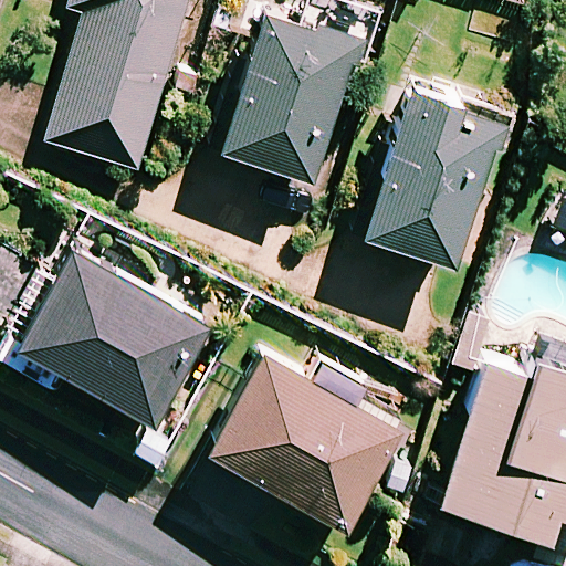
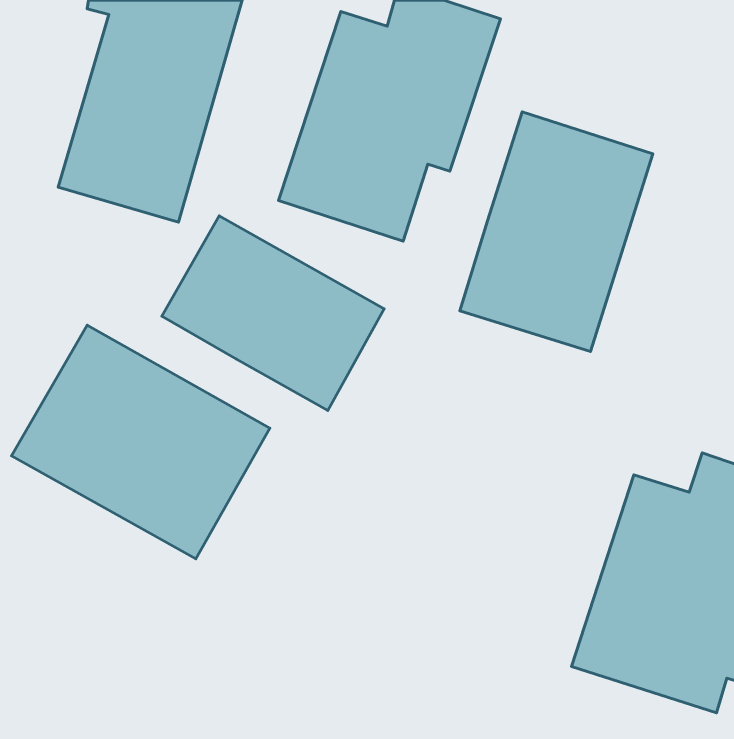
building: none -> [162,216,384,410]
building: [211,358,401,533] -> none

